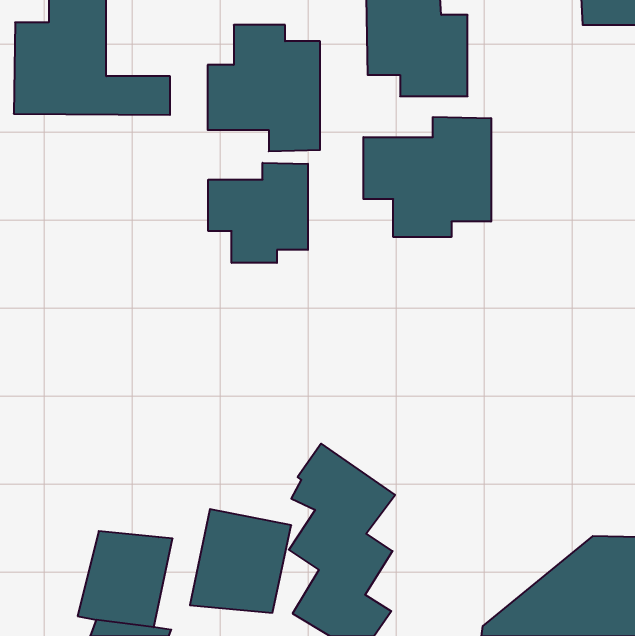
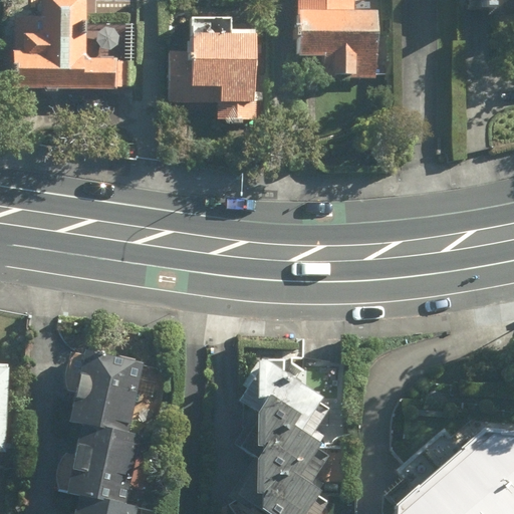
building: [363,117,491,237] -> none
building: [208,163,308,263] -> none
building: [190,509,291,613] -> [65,345,147,429]

